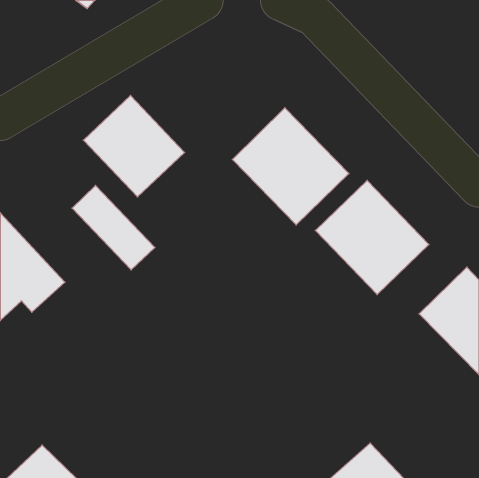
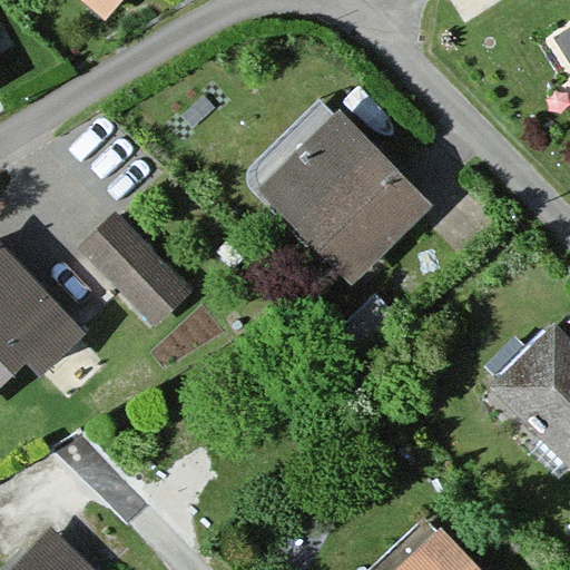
building: [83,96,185,197] -> none
building: [315,180,429,295] -> none

